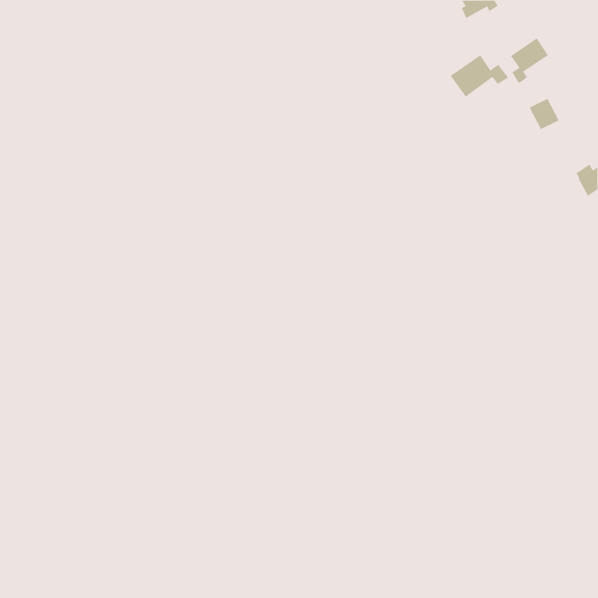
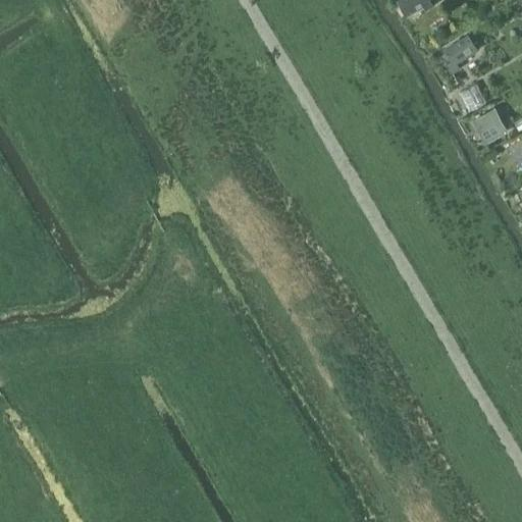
building: [450,55,509,97] -> none
building: none -> [473,107,509,143]

